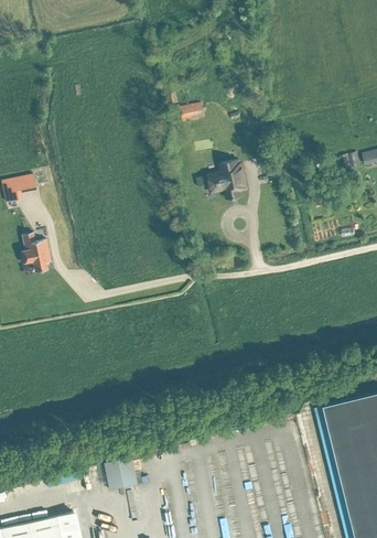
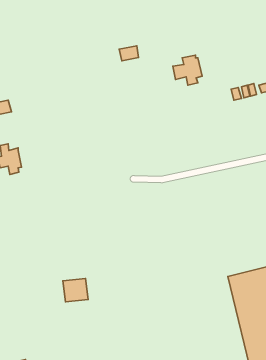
building: [207,161,246,201] -> [173,55,202,85]
building: [105,458,138,488] -> [63,278,88,302]

